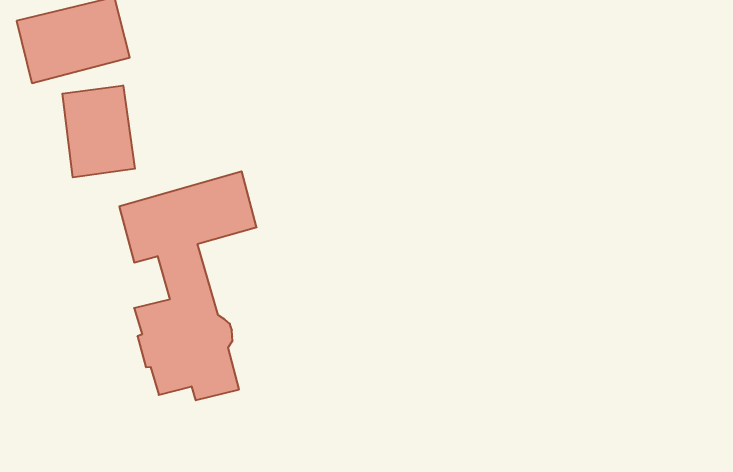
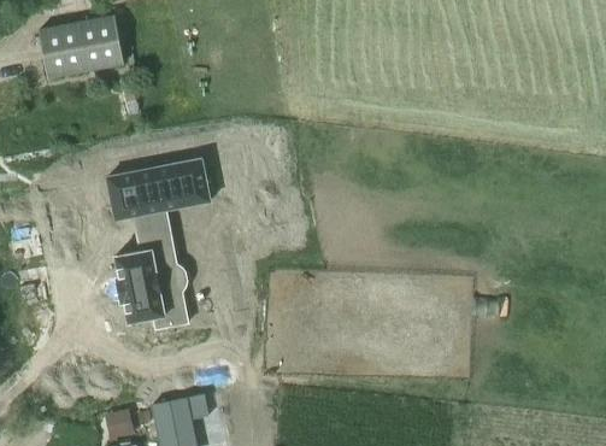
building: [62,85,135,177] -> none

